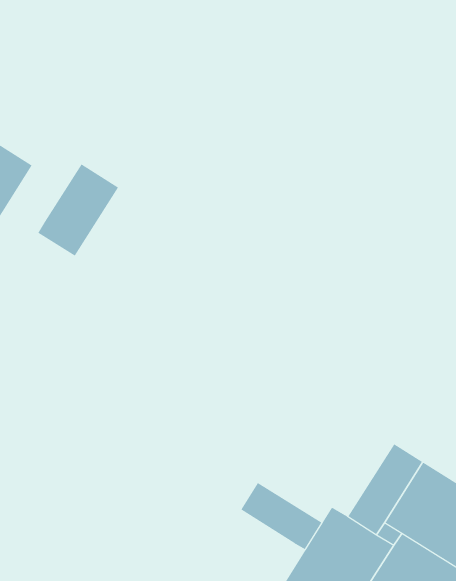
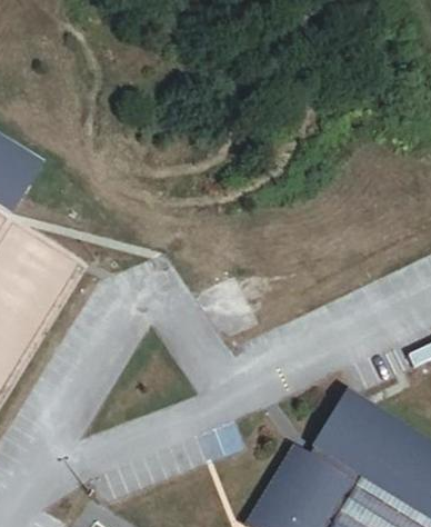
building: [38,163,119,257] -> none
building: [240,482,322,550] -> none

